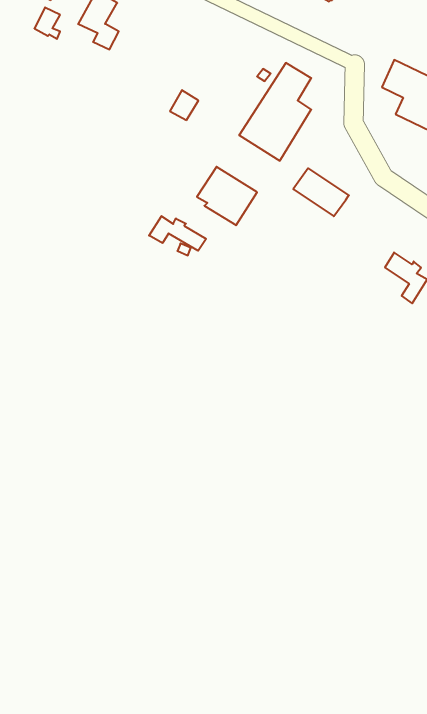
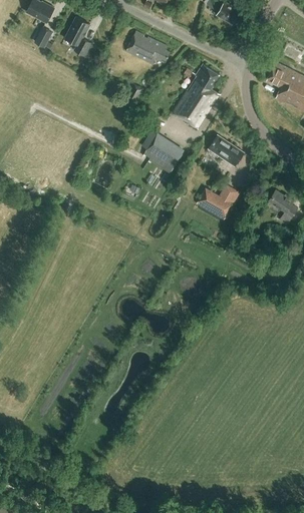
building: none -> [126,30,171,63]
building: [149,216,206,251] -> none
building: none -> [197,185,236,217]

